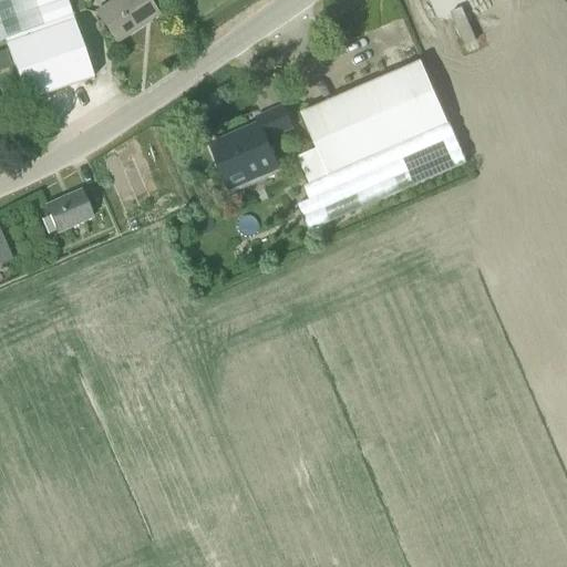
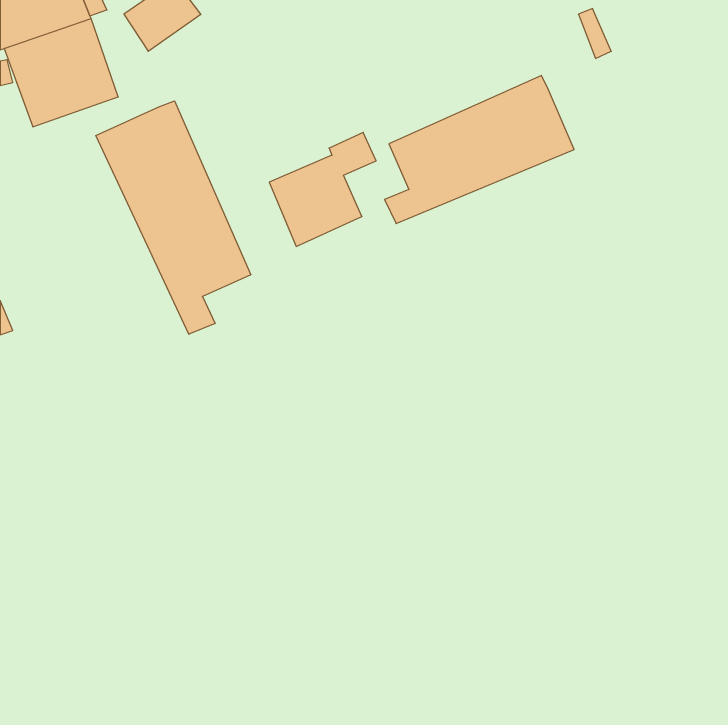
building: none -> [96,101,251,334]
building: [292,116,465,228] -> none
building: [44,188,91,230] -> none

